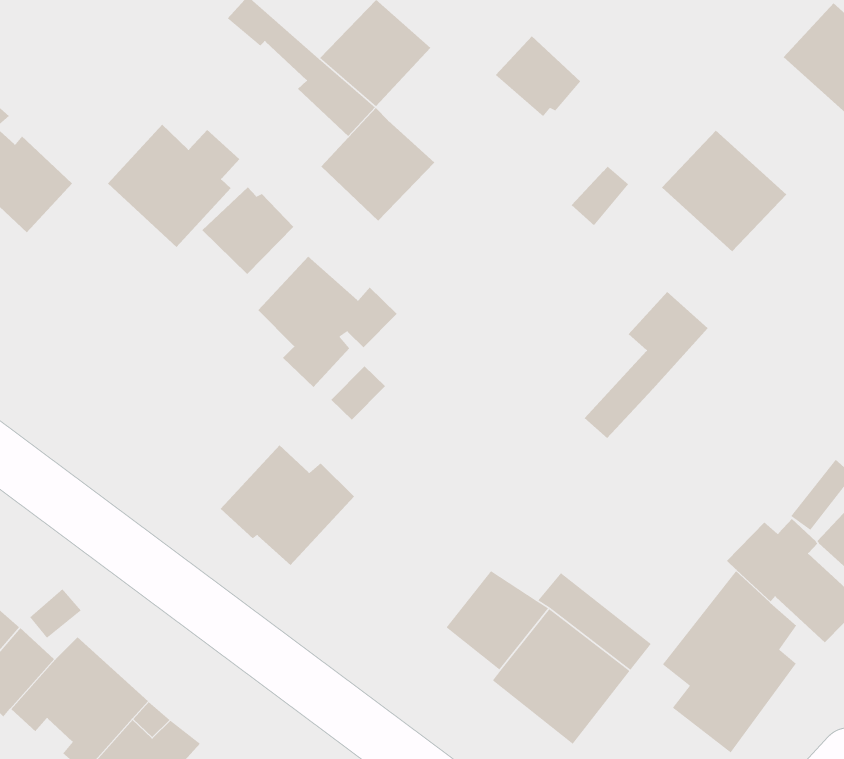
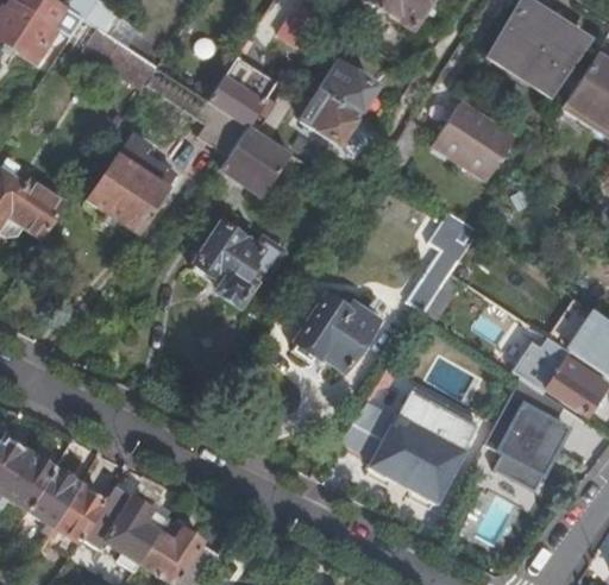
building: none -> [302,92,354,144]
building: [201,186,294,275] -> none
building: [220,445,355,566] -> [294,296,377,371]

